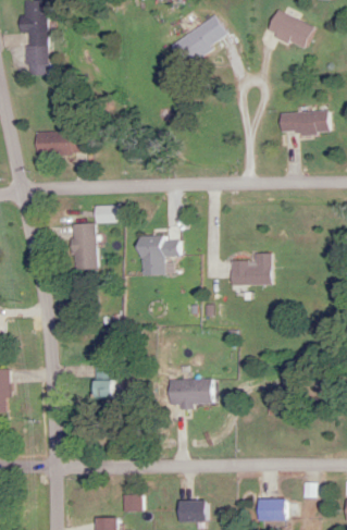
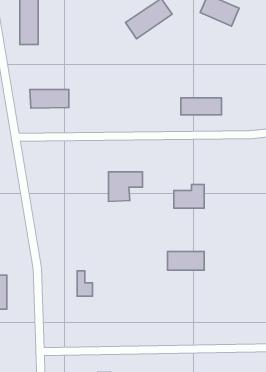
building: [273,111,325,133] -> [181,98,222,115]
building: [77,224,100,269] -> none
building: [170,380,216,404] -> [168,252,204,270]

